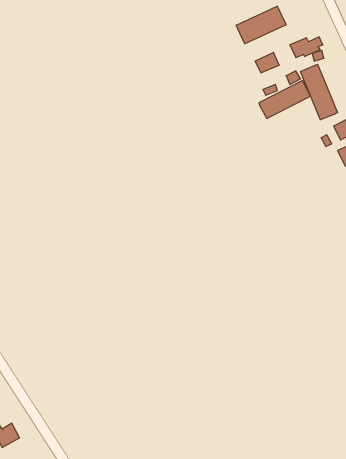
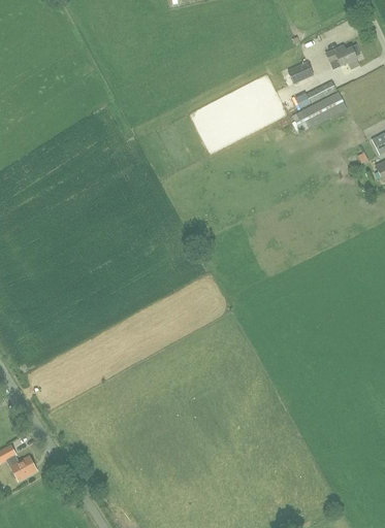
building: [236,6,286,44] -> none
building: [301,64,337,120] -> none

